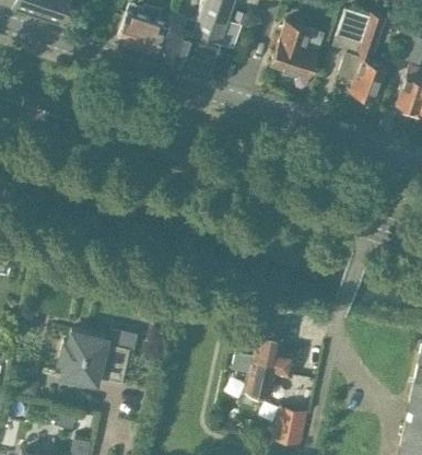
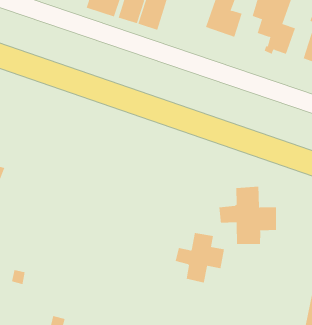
building: none -> [219,186,277,245]
building: [59,330,130,385] -> none
building: [273,407,307,445] -> none

